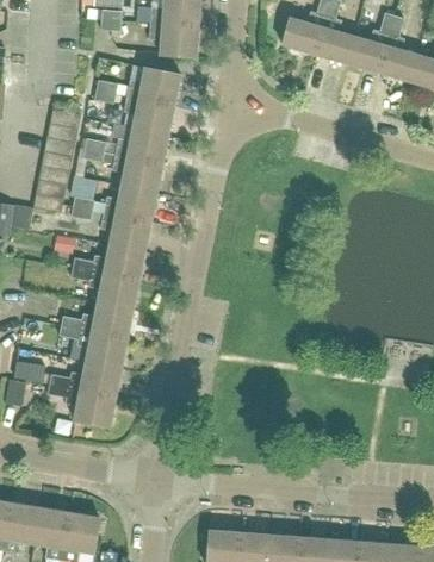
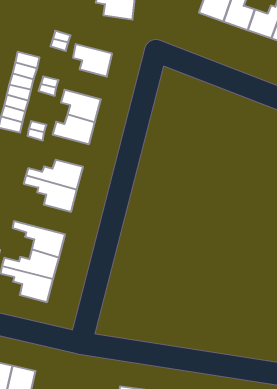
building: [125,67,180,104] -> none
building: [114,126,168,163] -> none
building: [100,212,150,251] -> none
building: [60,302,132,339] -> none

